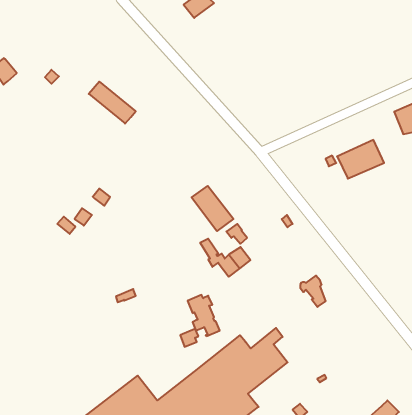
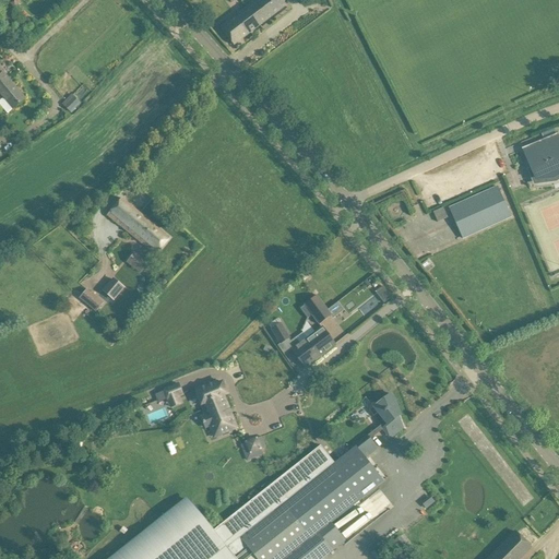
building: none -> [219,7,260,44]
building: [89,82,136,124] -> [107,198,169,253]
building: [192,186,233,231] -> none
building: [300,276,326,307] -> [369,393,403,435]
building: [188,295,220,336] -> [194,380,237,435]

